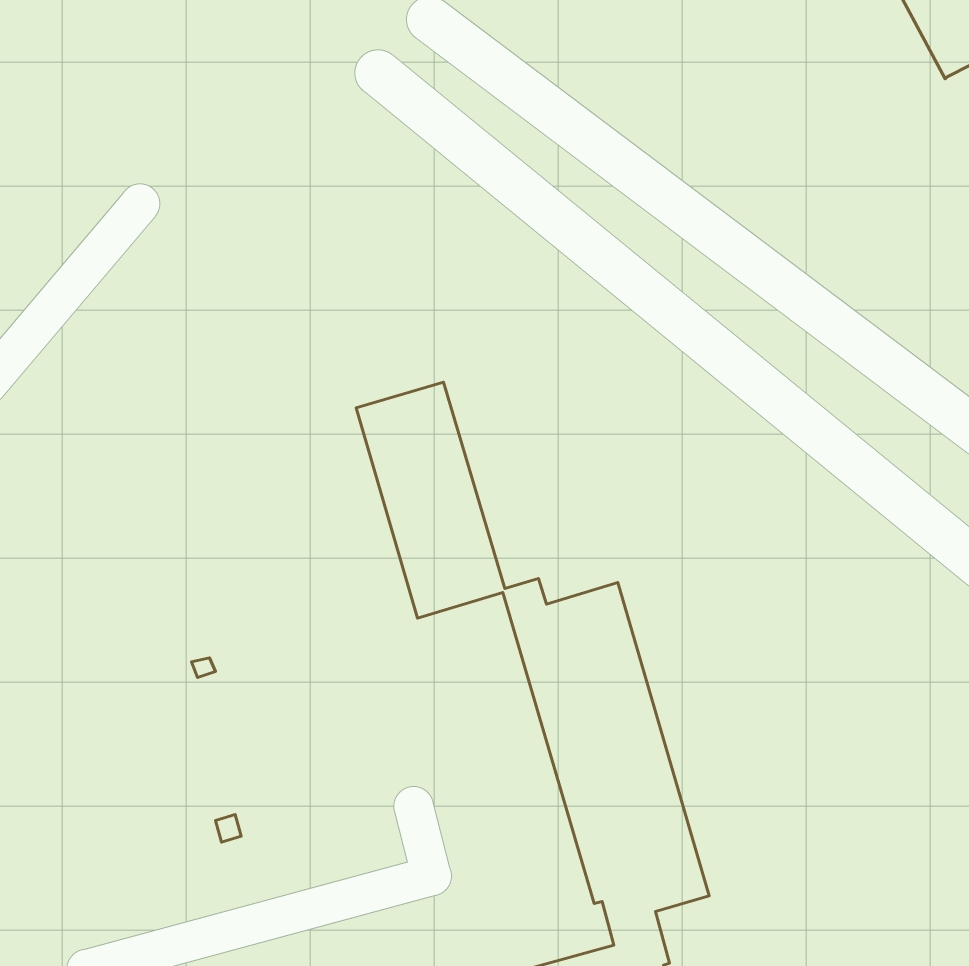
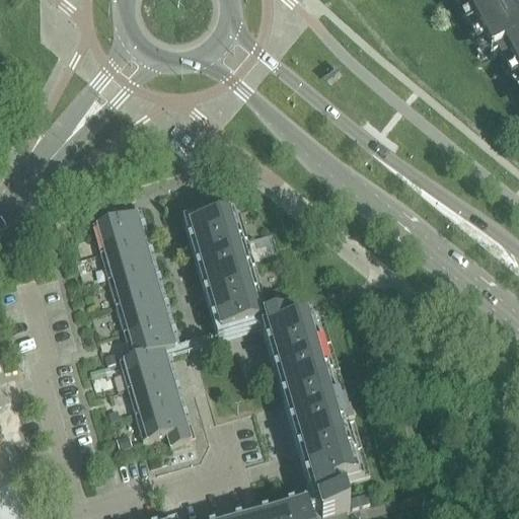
building: none -> [95,205,189,439]

